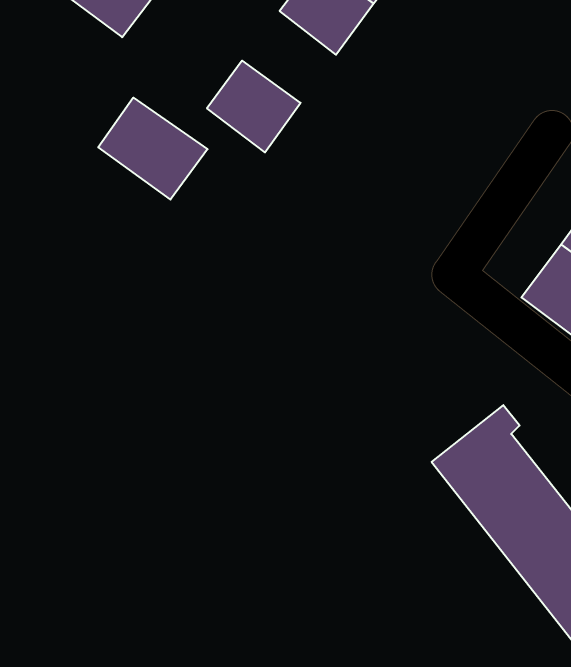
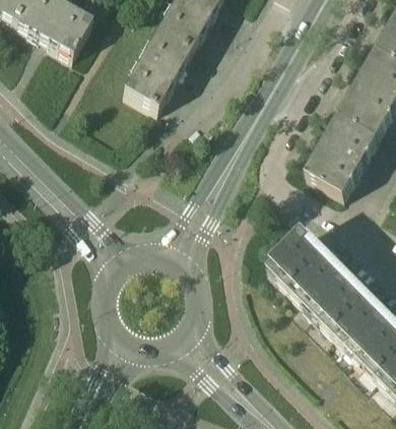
building: none -> [141,29,192,78]
building: [98,98,208,200] -> none

